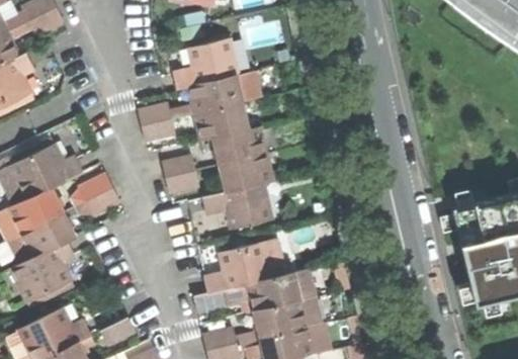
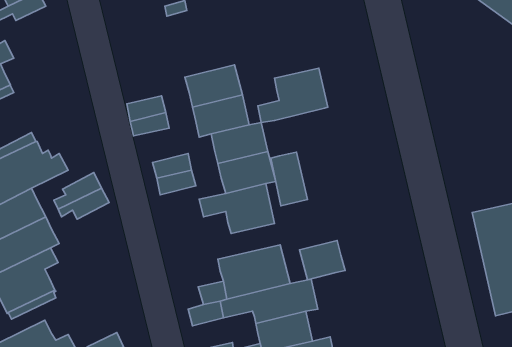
building: [175,38,239,88] -> [258,68,328,123]
building: none -> [271,152,308,206]
building: none -> [300,241,345,280]

